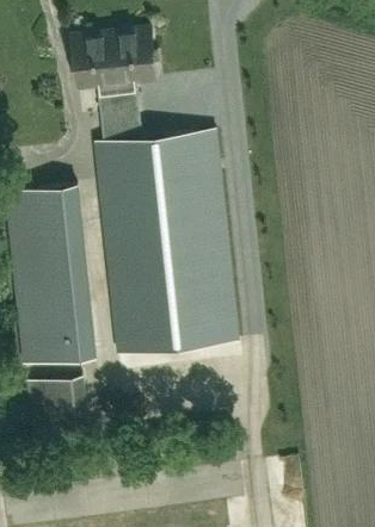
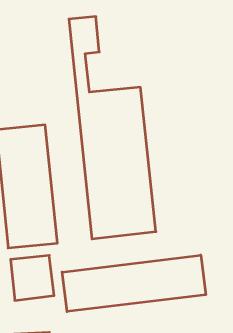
building: [73,32,146,354] -> none
building: none -> [62,255,206,312]

